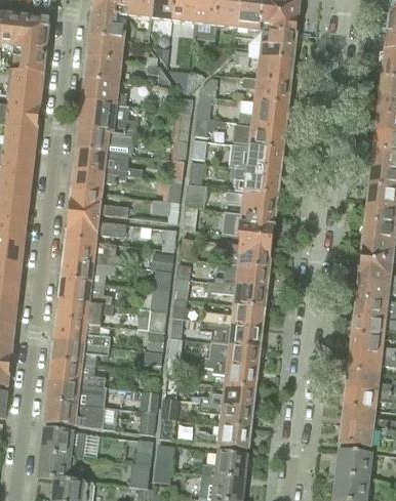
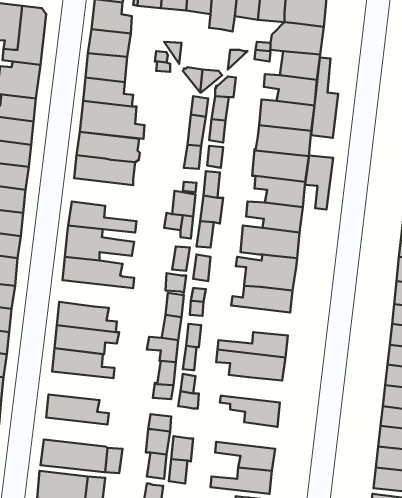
building: none -> [311,57,338,138]
building: none -> [305,156,333,210]
building: [72,168,126,193] -> none
building: [61,258,116,283] -> none
building: [206,281,266,307] -> none
building: [51,339,109,365] -> none
building: [205,342,259,367] -> none
building: [47,380,104,406] -> none
building: [200,384,254,408] -> none

